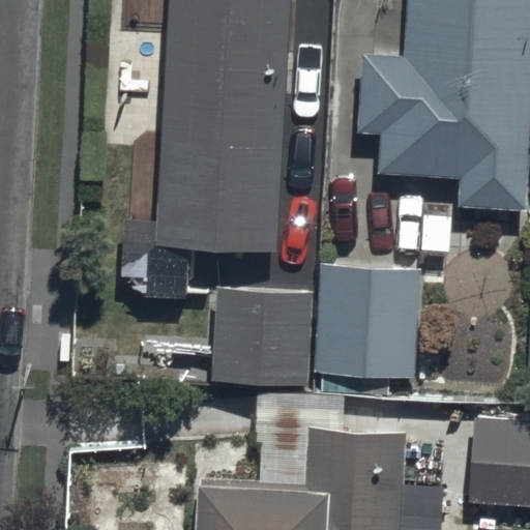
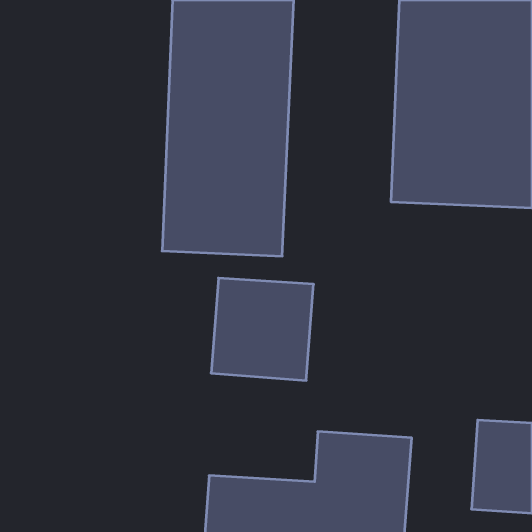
building: [312,256,417,393] -> none

